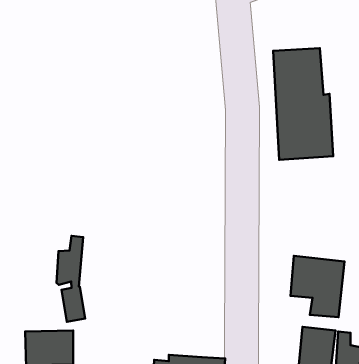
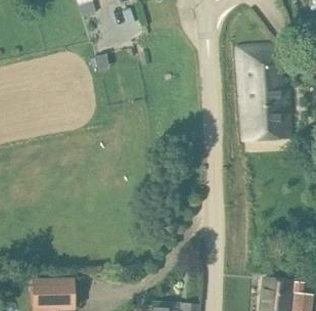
building: [57,236,85,322] -> none
building: [290,256,345,317] -> none

